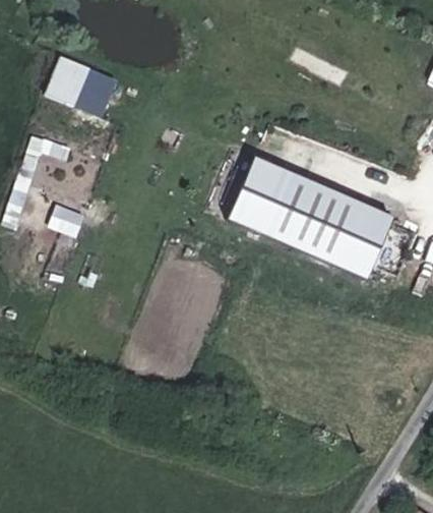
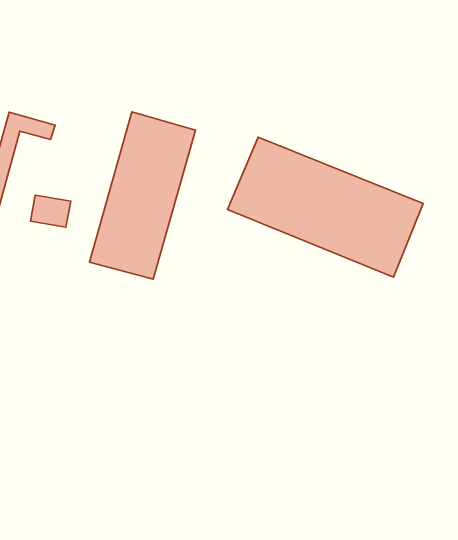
building: [48,56,121,117] -> none
building: none -> [89,112,196,279]

